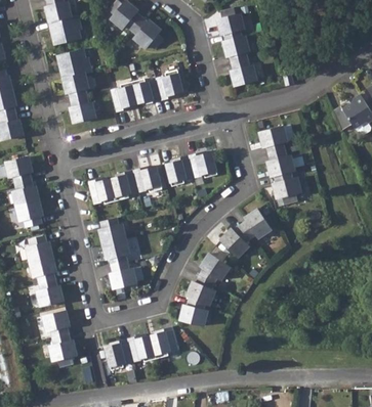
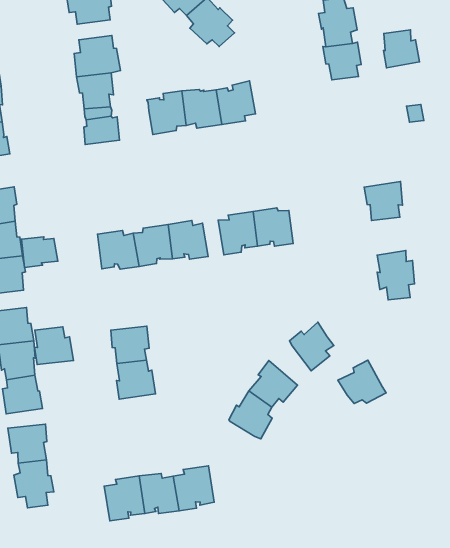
building: [232,59,257,86] -> [384,30,420,68]
building: [267,149,295,176] -> none
building: none -> [21,237,58,267]
building: [239,209,272,238] -> [338,360,386,404]
building: [98,217,126,243] -> [34,327,73,364]
building: [179,296,207,325] -> none

